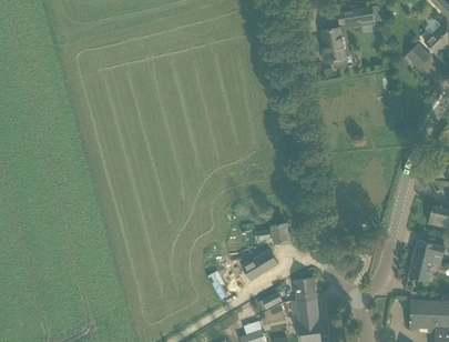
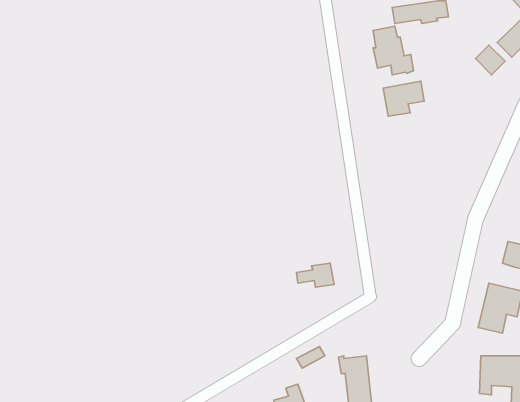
building: none -> [383,81,424,116]
building: [243,251,278,283] -> none
building: [294,278,315,303] -> none

